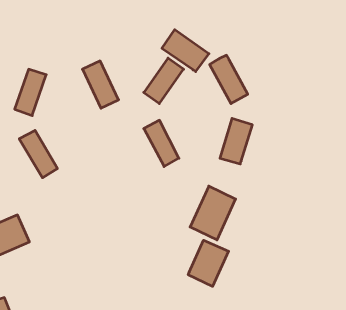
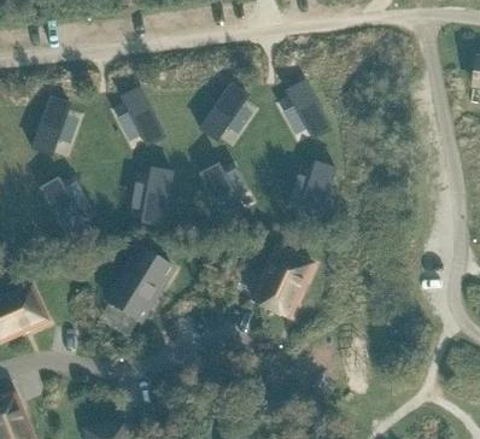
building: [162,30,209,72] -> none
building: none -> [135,166,171,226]
building: none -> [107,248,172,321]
building: [188,240,229,286] -> none

